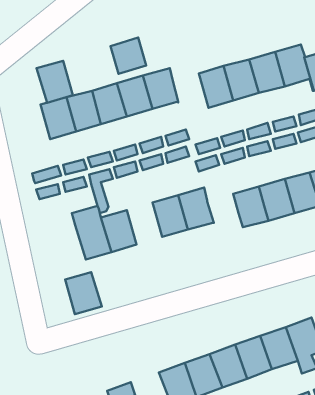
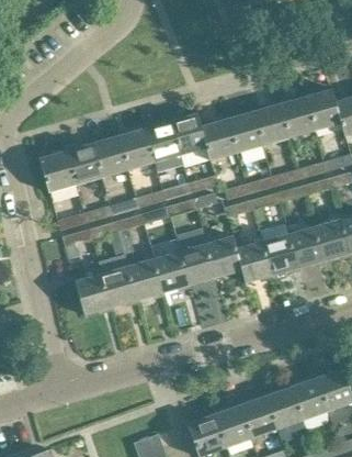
building: [111,38,146,74] -> none
building: [36,61,73,103] -> [39,149,77,192]
building: none -> [202,118,238,160]
building: none -> [237,241,273,282]
building: none -> [155,249,191,292]
building: [65,272,102,314] -> [76,272,113,315]

